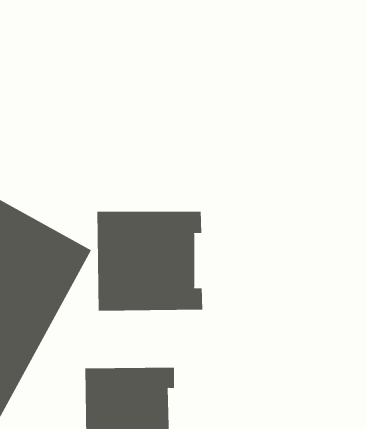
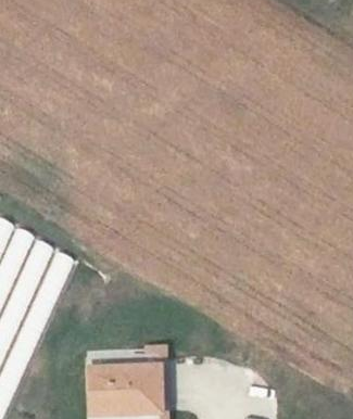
building: [97,211,203,312] -> none

